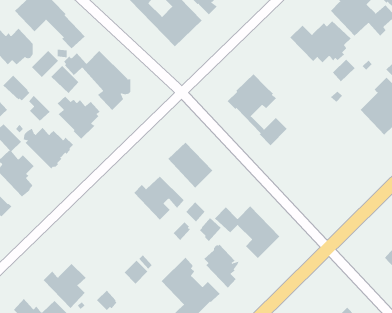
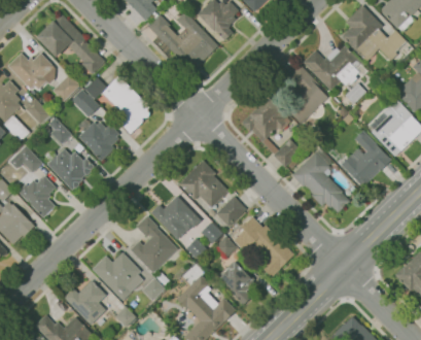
building: none -> [280,65,327,124]
building: none -> [341,130,390,188]
building: none -> [291,147,349,212]
building: none -> [215,196,246,226]
building: none -> [131,215,177,272]
building: none -> [93,252,143,300]

